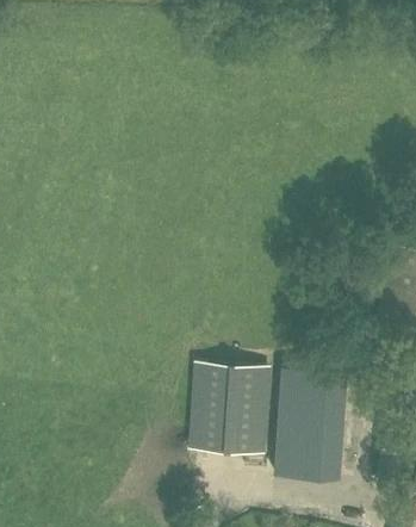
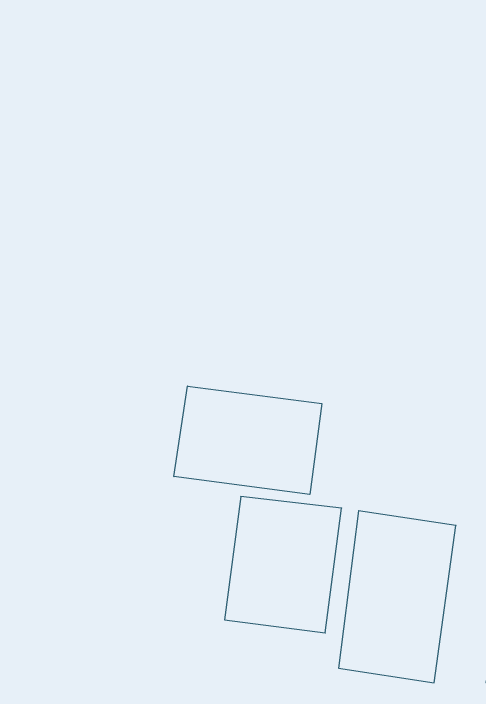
building: none -> [174,386,322,494]

